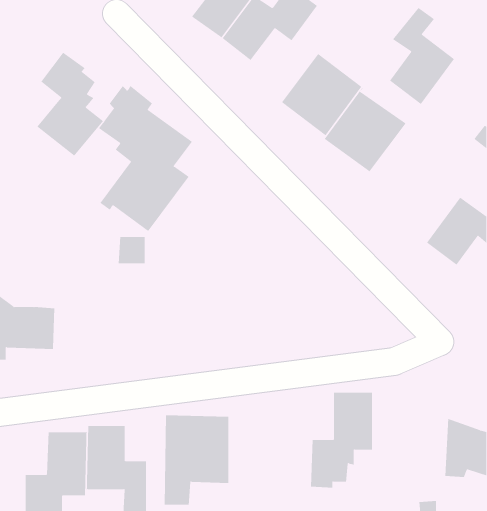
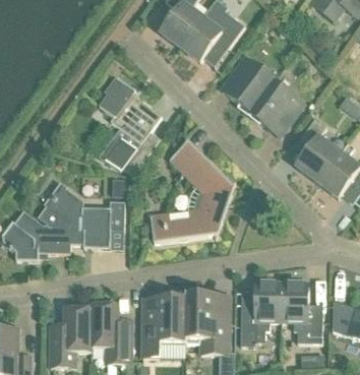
building: [389,7,455,105] -> [296,117,340,182]
building: [36,52,104,156] -> none
building: none -> [151,139,234,242]
building: none -> [48,186,124,253]
building: none -> [282,282,322,342]
building: none -> [186,294,230,354]

